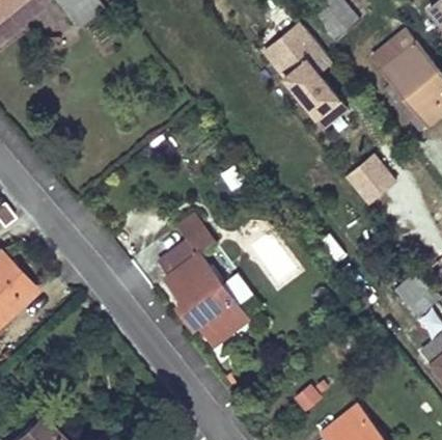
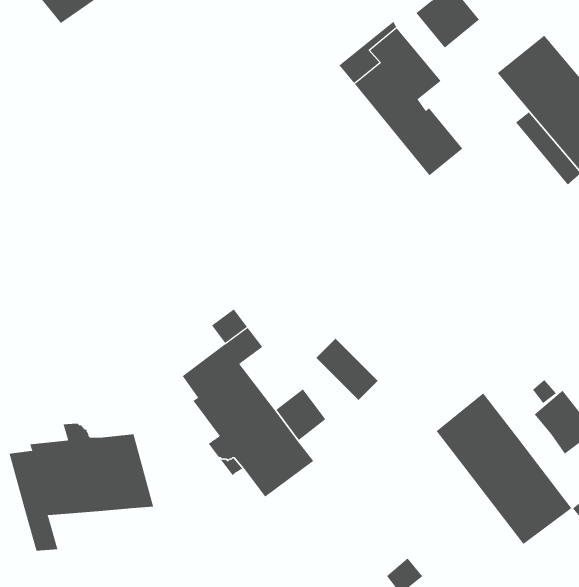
building: [346,156,395,205] -> none
building: none -> [436,392,572,545]
building: none -> [9,423,154,552]

